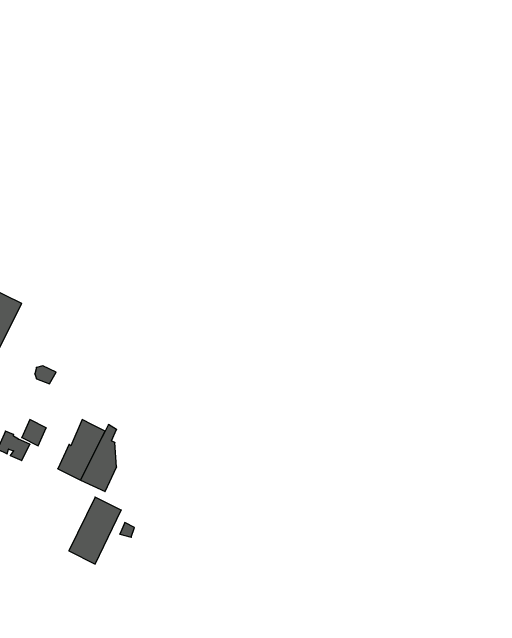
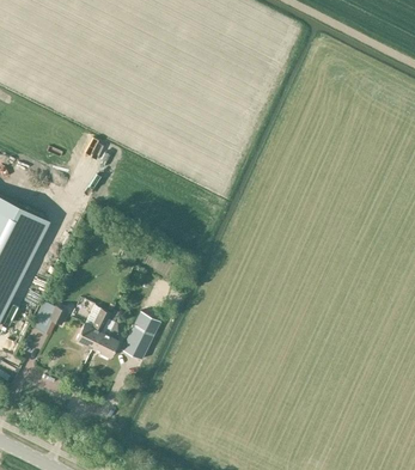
building: [69,497,121,564] -> [121,313,159,362]

